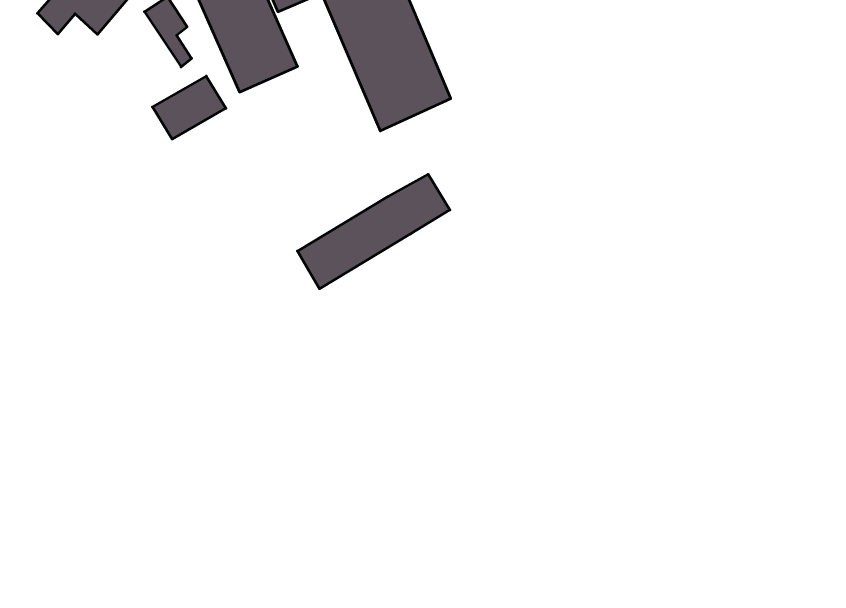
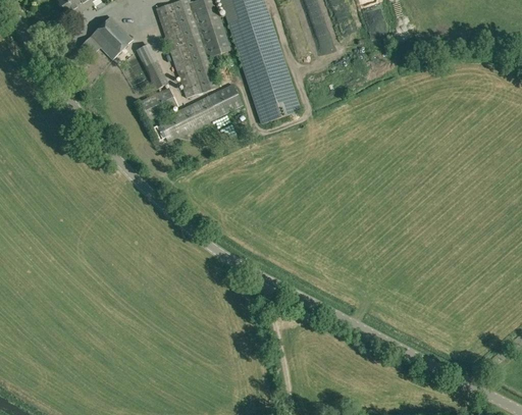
building: [297,174,450,289] -> [157,84,242,141]

